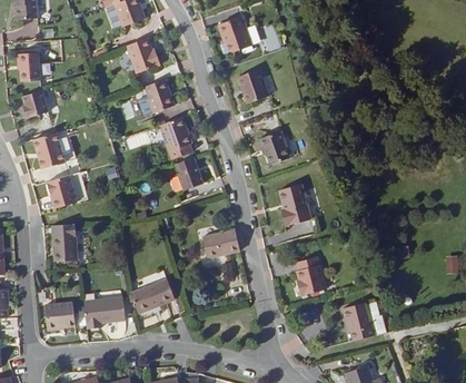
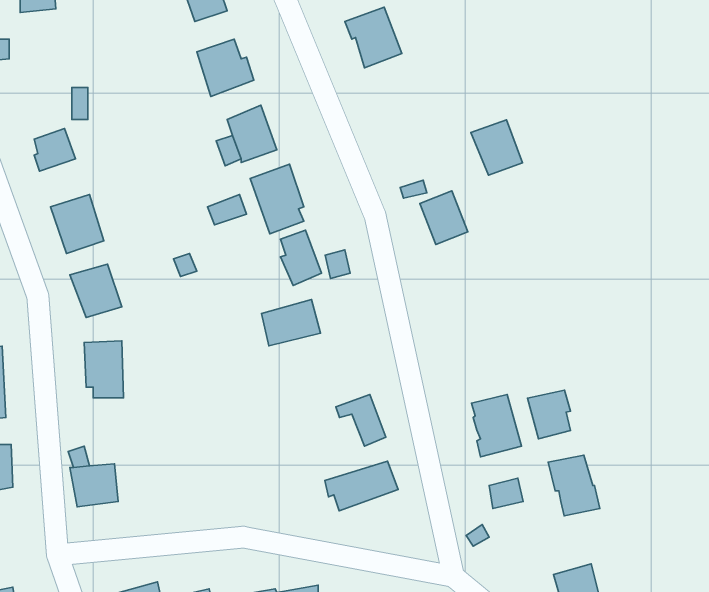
building: [16,51,38,81] -> none
building: [238,69,270,104] -> [471,120,523,175]
building: [278,184,310,225] -> none
building: [202,226,239,255] -> [262,299,320,346]
building: none -> [527,390,571,439]
building: [128,277,173,308] -> [325,461,398,511]
building: [83,292,123,325] -> none

